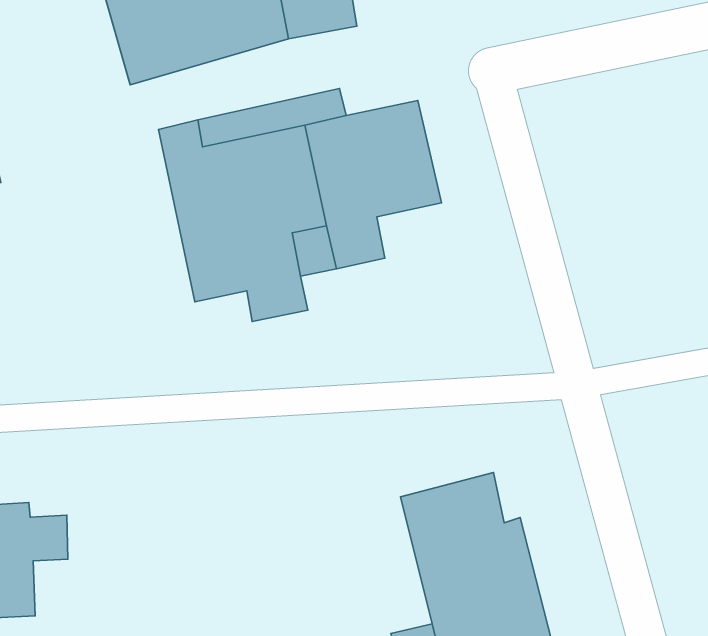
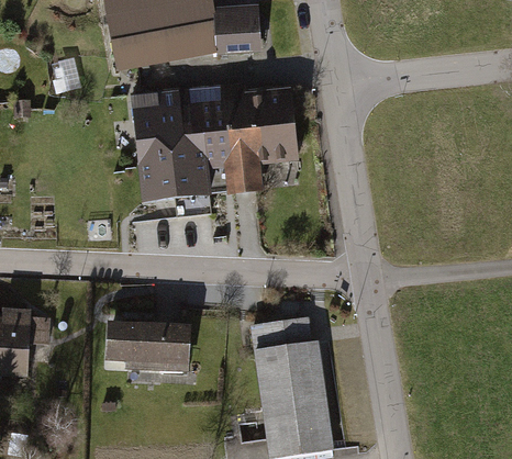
building: none -> [104,315,191,388]

